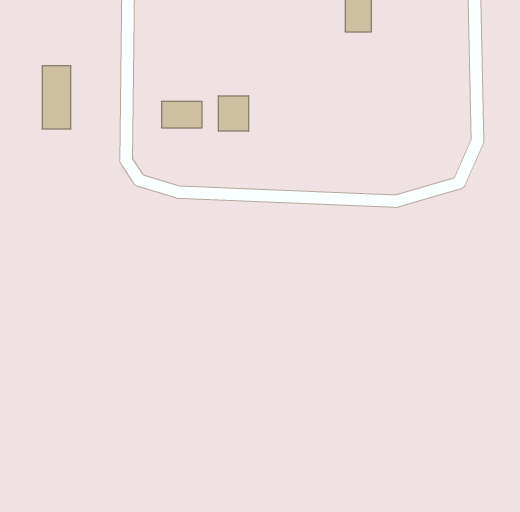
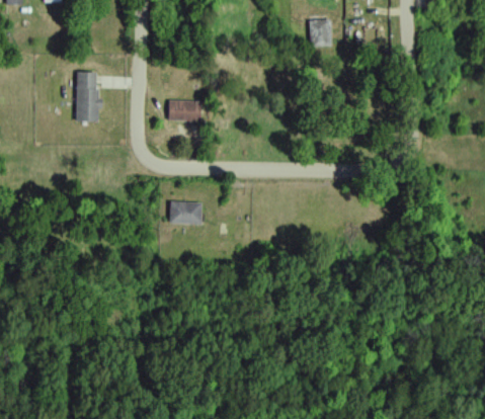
building: [218,96,249,131] -> none
building: none -> [170,201,201,224]

